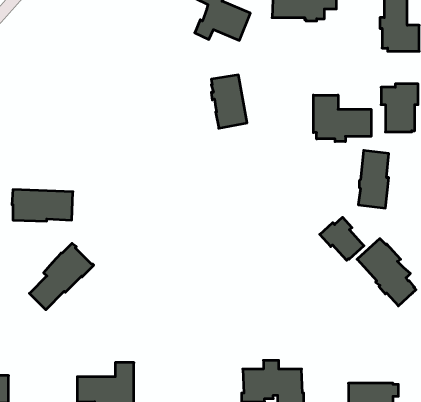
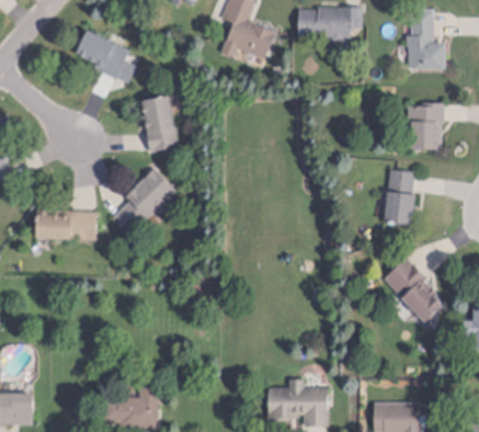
building: none -> [76,31,136,82]
building: [211,75,247,128] -> [141,96,178,150]
building: [313,95,371,142] -> none
building: [320,217,364,260] -> none
building: [29,243,94,310] -> [111,167,175,234]

